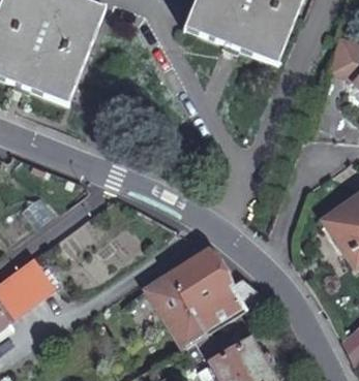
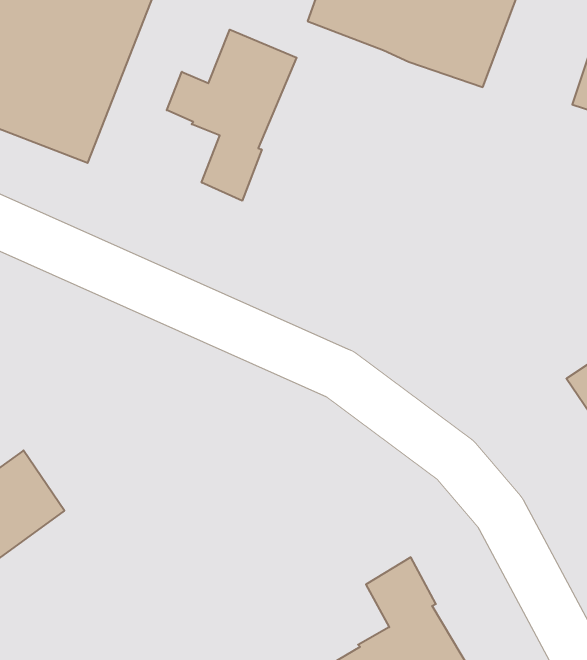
building: none -> [167,30,297,201]
building: [146,248,266,347] -> none

